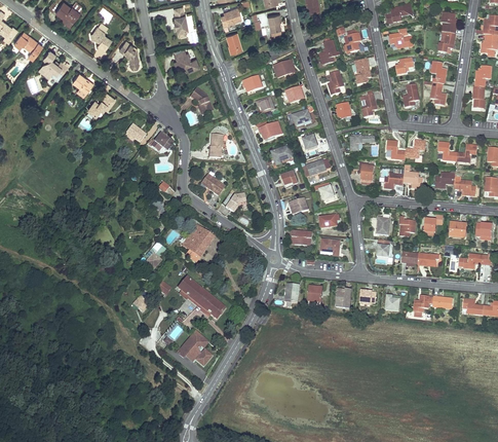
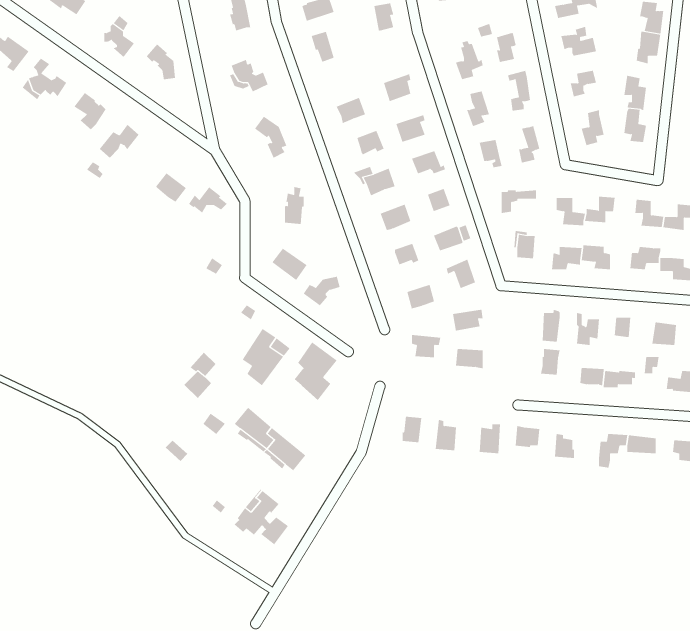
building: none -> [294,341,337,401]

